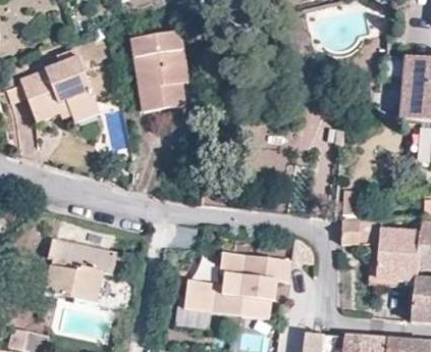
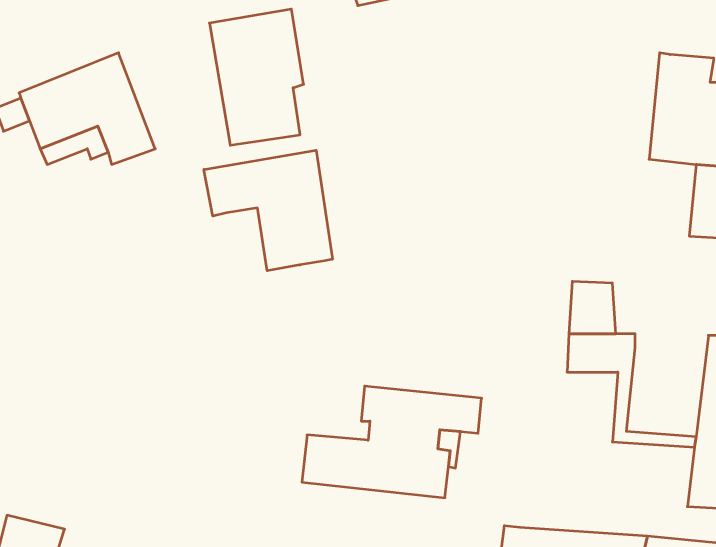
building: none -> [204,150,332,271]
building: [376,217,424,281] -> none
building: [38,238,117,303] -> none

